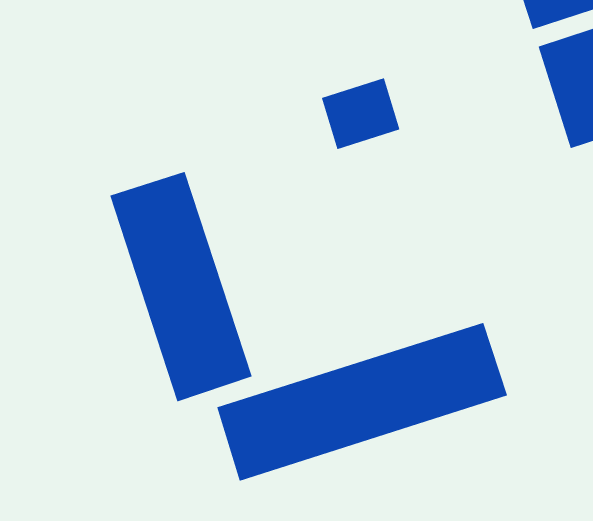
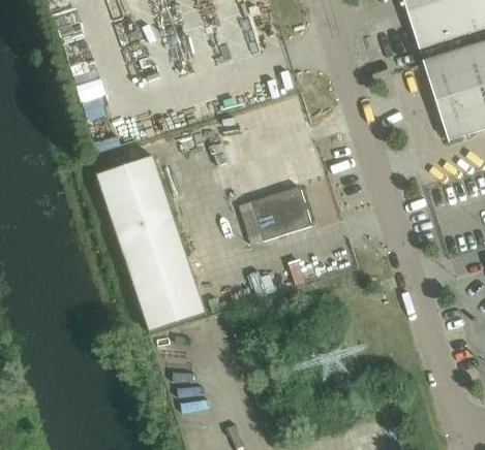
building: [321,77,401,150] -> [251,186,312,242]
building: [216,322,508,482] -> none

